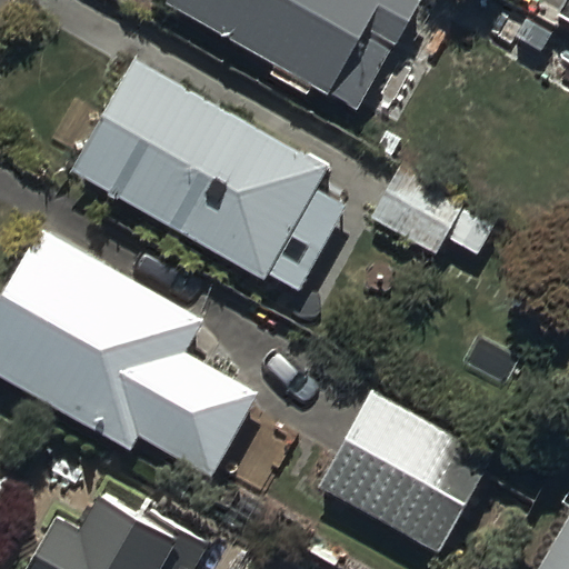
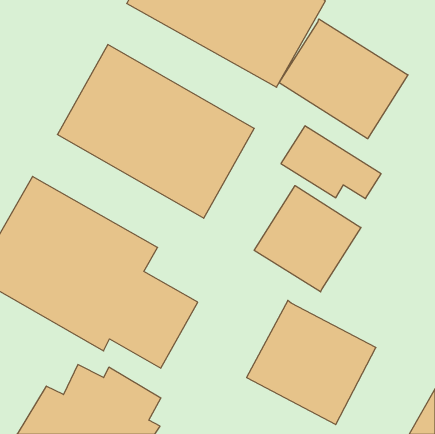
building: none -> [279,19,408,139]
building: none -> [254,186,361,292]

